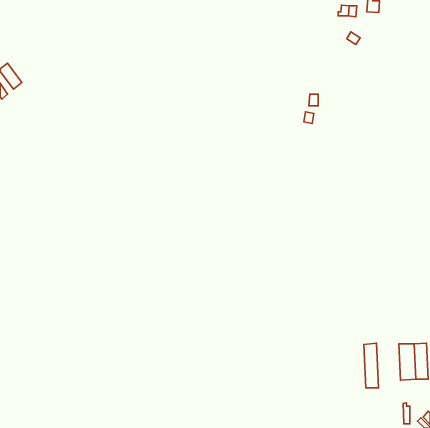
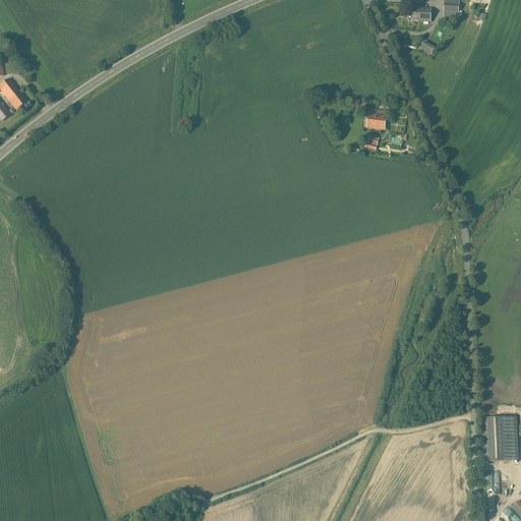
building: [364,343,378,388] -> none

